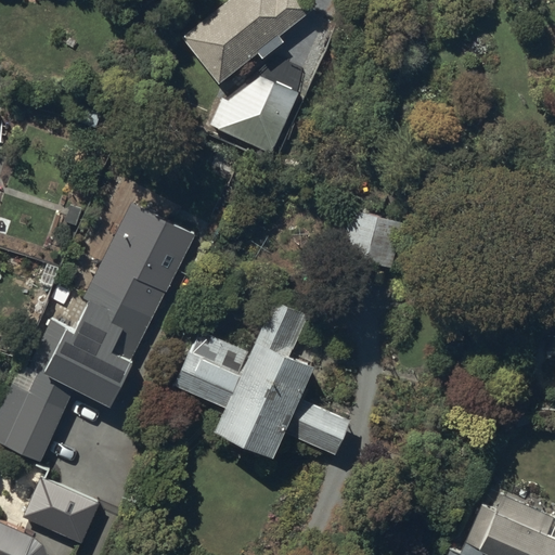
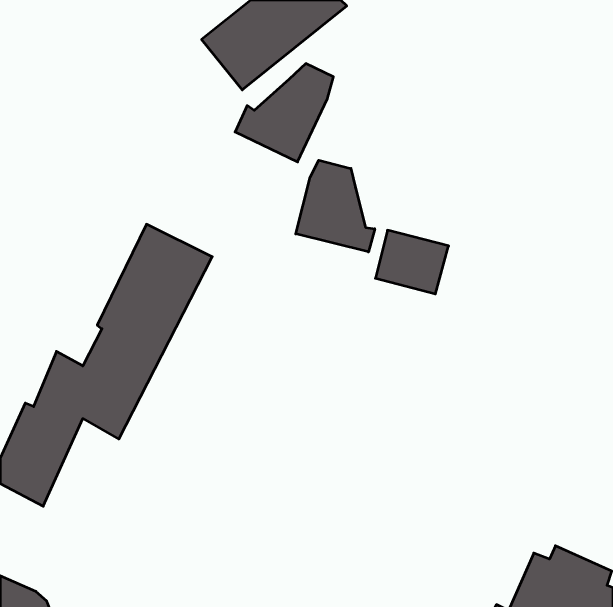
building: none -> [296,160,375,252]
building: [177,304,349,453] -> none
building: [27,483,95,541] -> none

